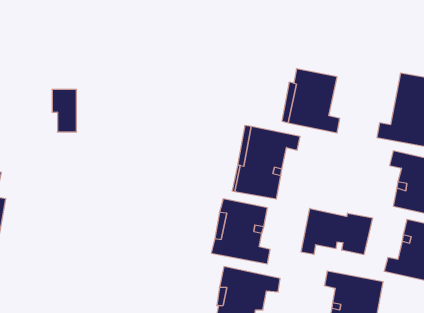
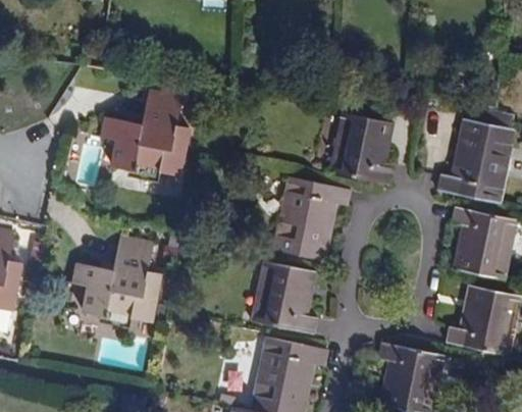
building: none -> [102,91,188,179]
building: none -> [74,236,160,324]
building: [301,208,372,255] -> none

